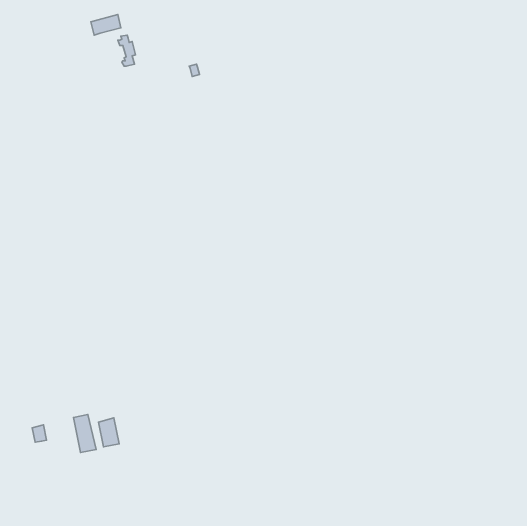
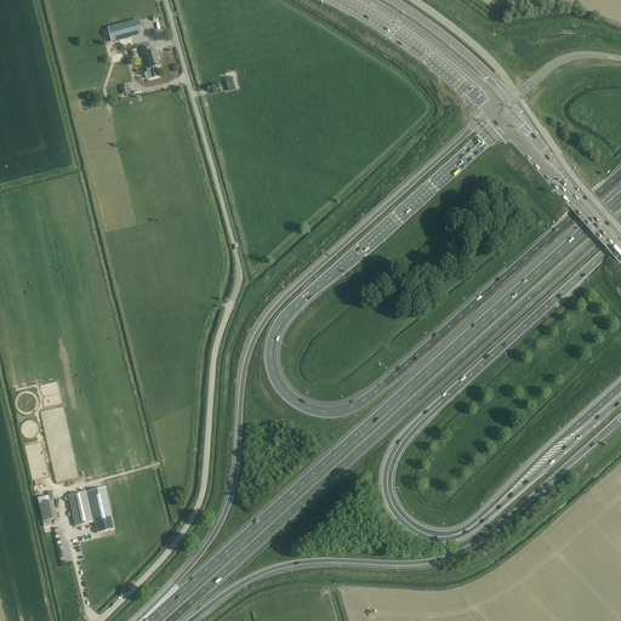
building: [98,418,119,447] -> [67,490,91,524]

